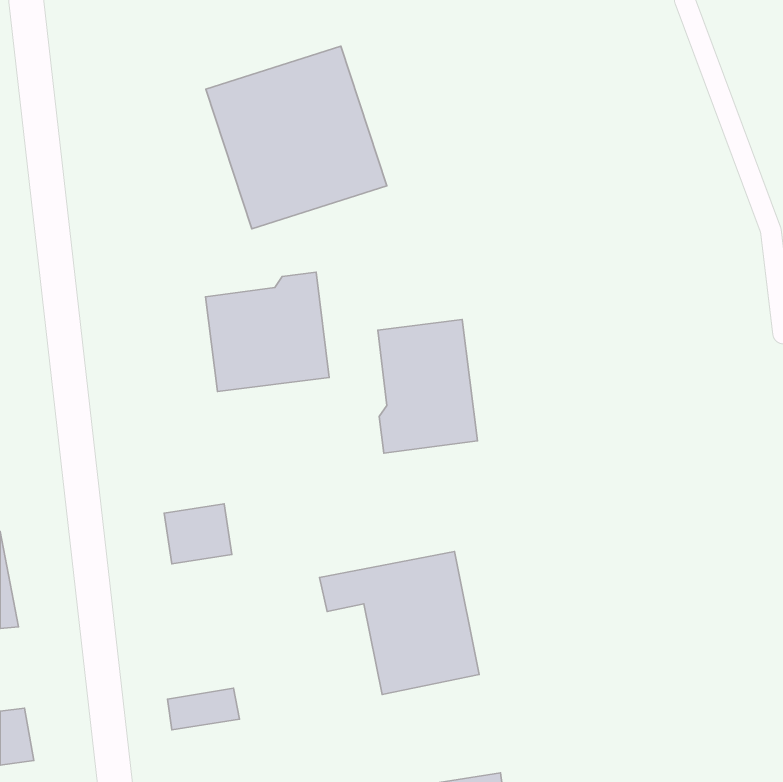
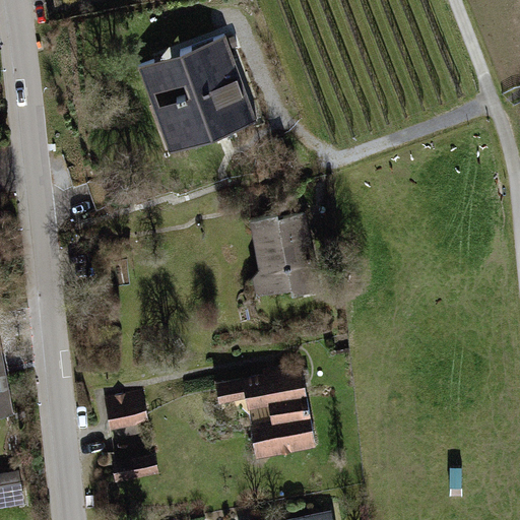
building: [206,272,329,392] -> none
building: [164,504,232,564] -> [106,393,150,433]

